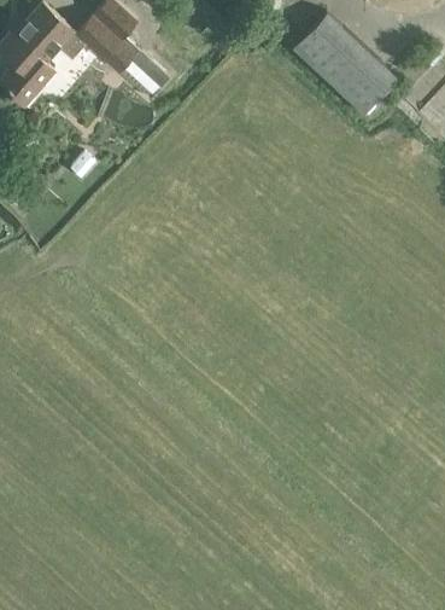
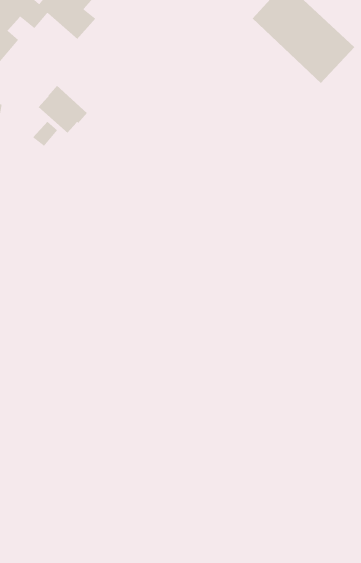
building: [119,47,170,97] -> [38,85,88,133]

